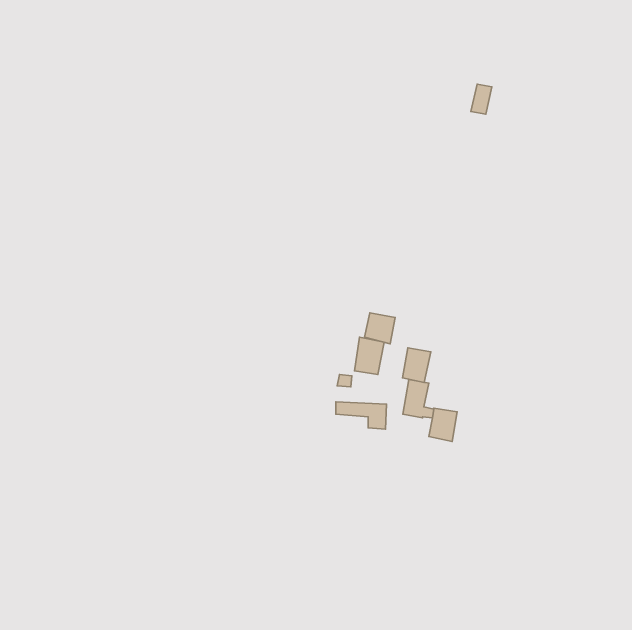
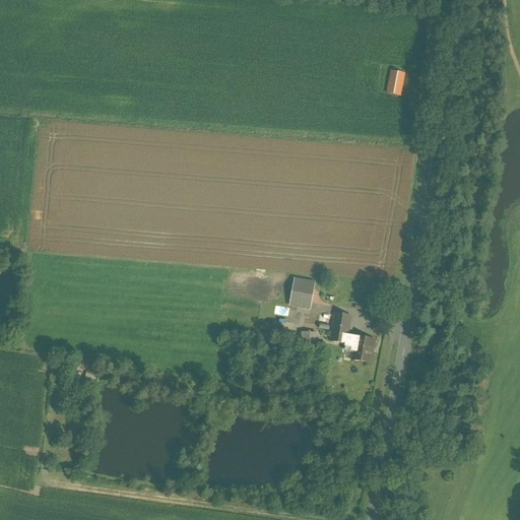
building: [365,313,395,344] -> none
building: [403,348,431,382] -> none

